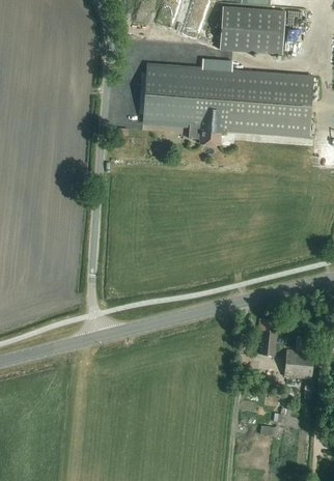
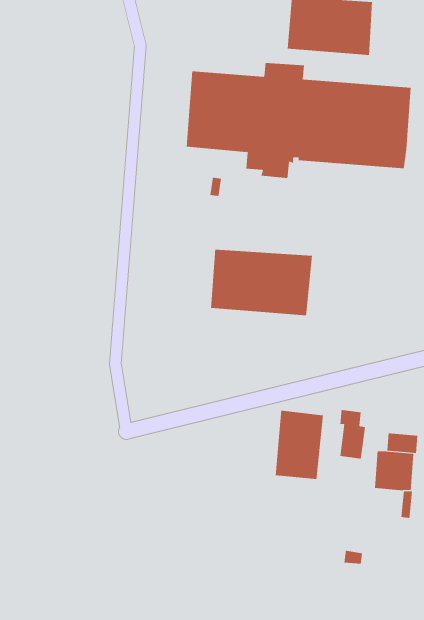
building: none -> [211,249,312,316]
building: none -> [275,410,323,480]

